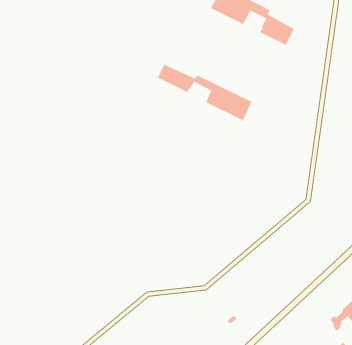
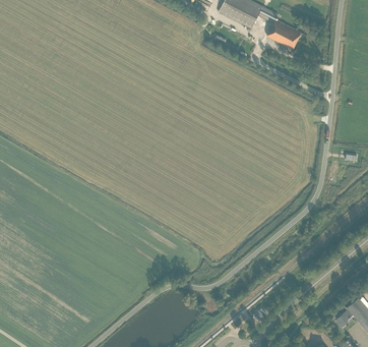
building: [157,64,252,121] -> none

